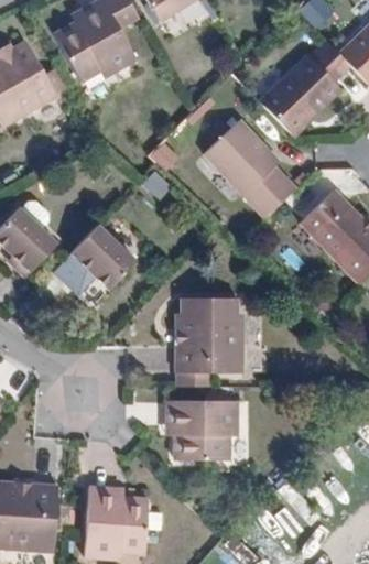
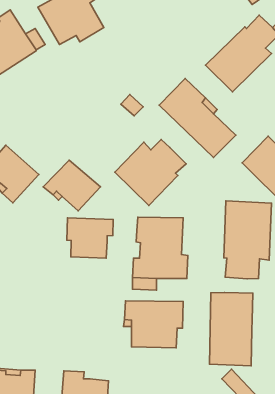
building: none -> [115,140,186,205]
building: none -> [224,201,271,279]
building: none -> [67,218,113,258]
building: none -> [209,293,253,366]

